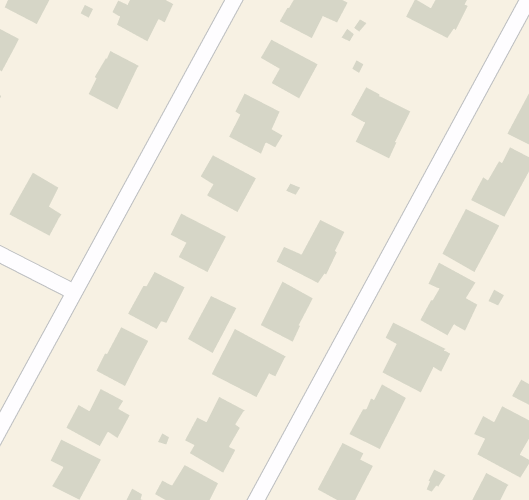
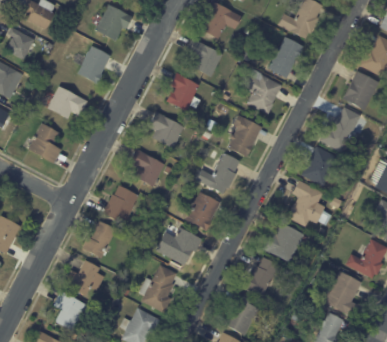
building: none -> [268,36,303,78]
building: none -> [47,86,86,119]
building: none -> [227,115,262,157]
building: [187,295,237,354] -> none

